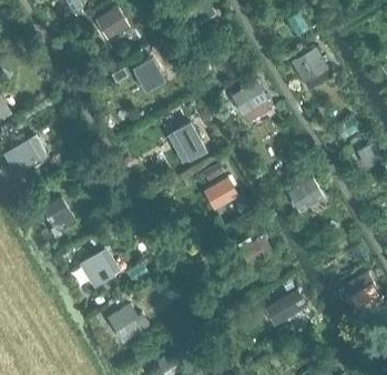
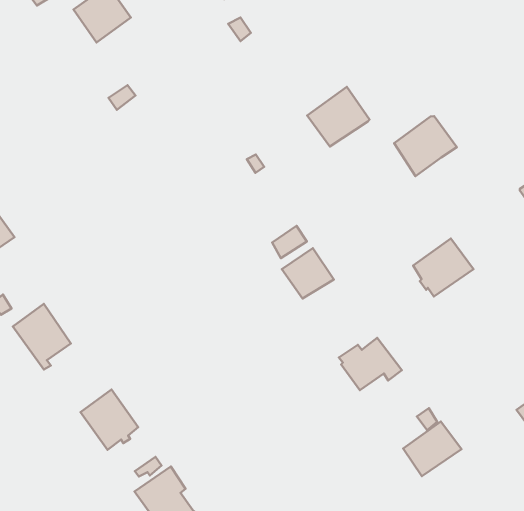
building: [291,48,328,83] -> [394,116,457,176]
building: [130,57,166,97] -> none
building: [161,133,204,168] -> none

